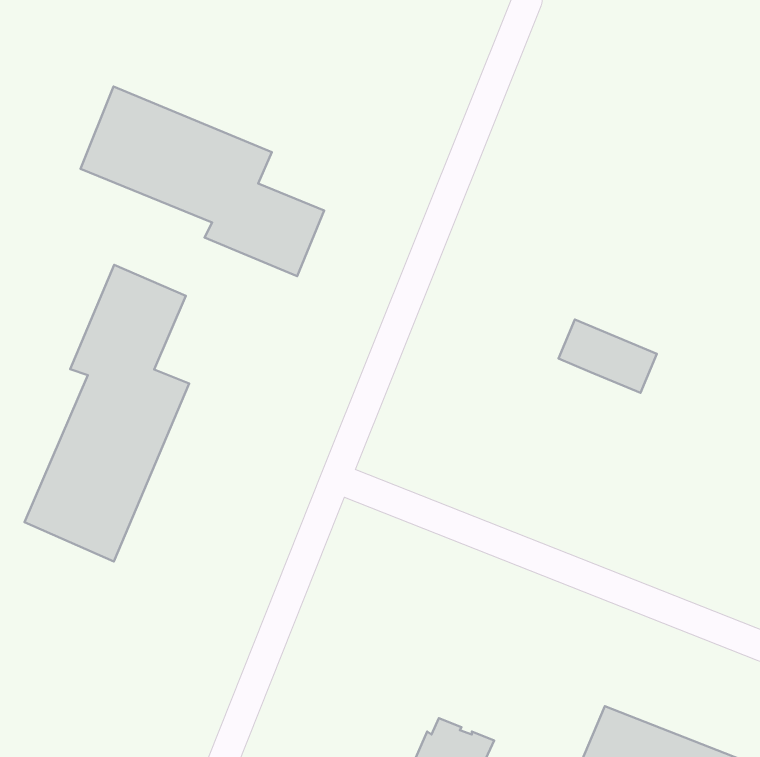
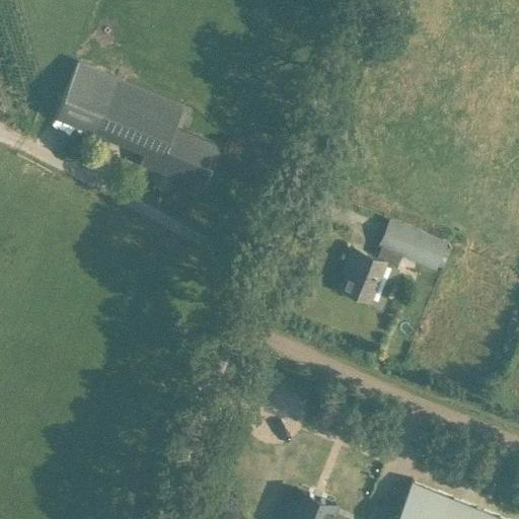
building: [25,265,189,561] -> none
building: none -> [344,250,390,312]

